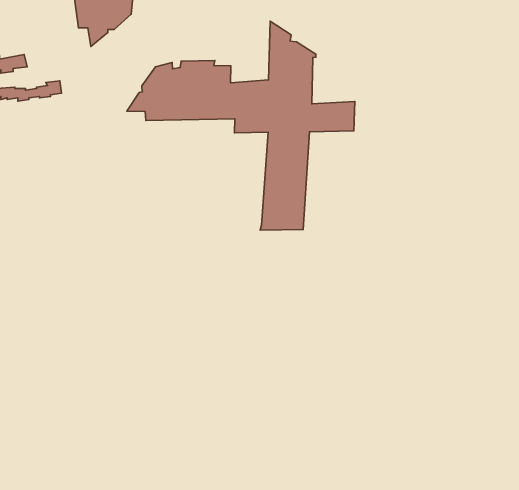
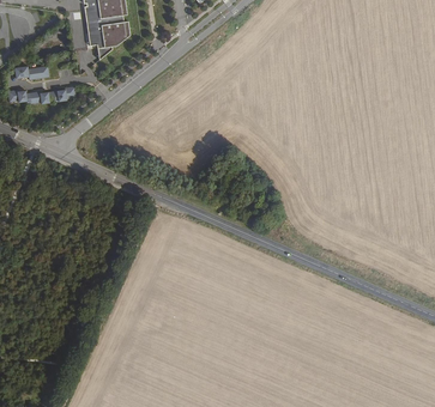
building: [127,21,355,230] -> none

